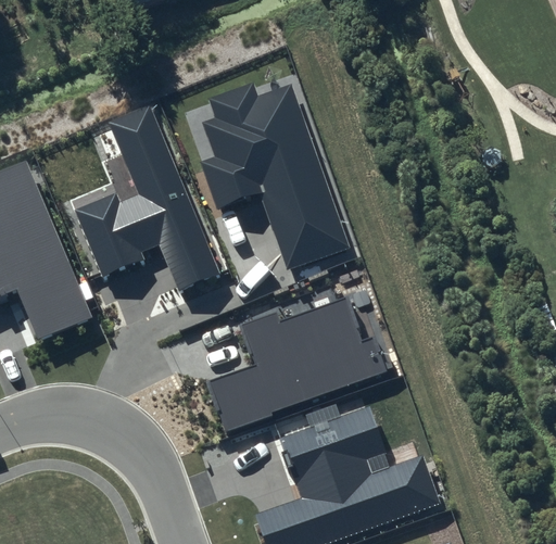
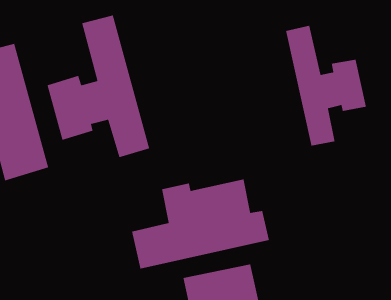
building: [198,81,349,269] -> none
building: none -> [285,25,367,146]

